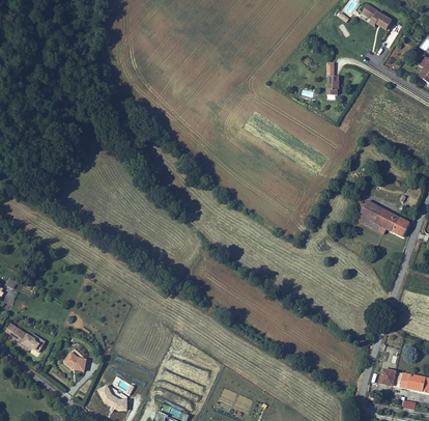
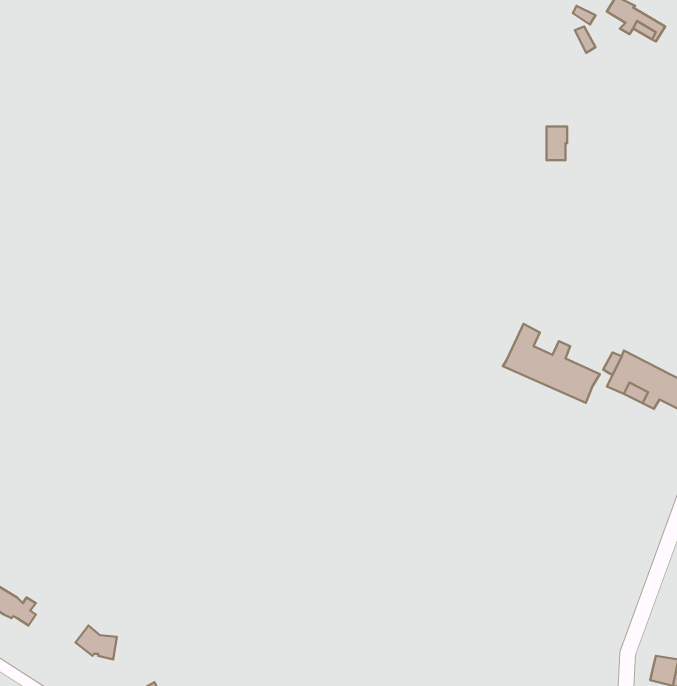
building: none -> [503,324,600,403]

